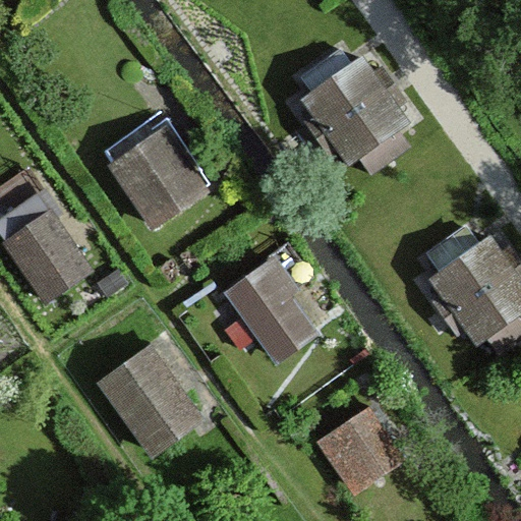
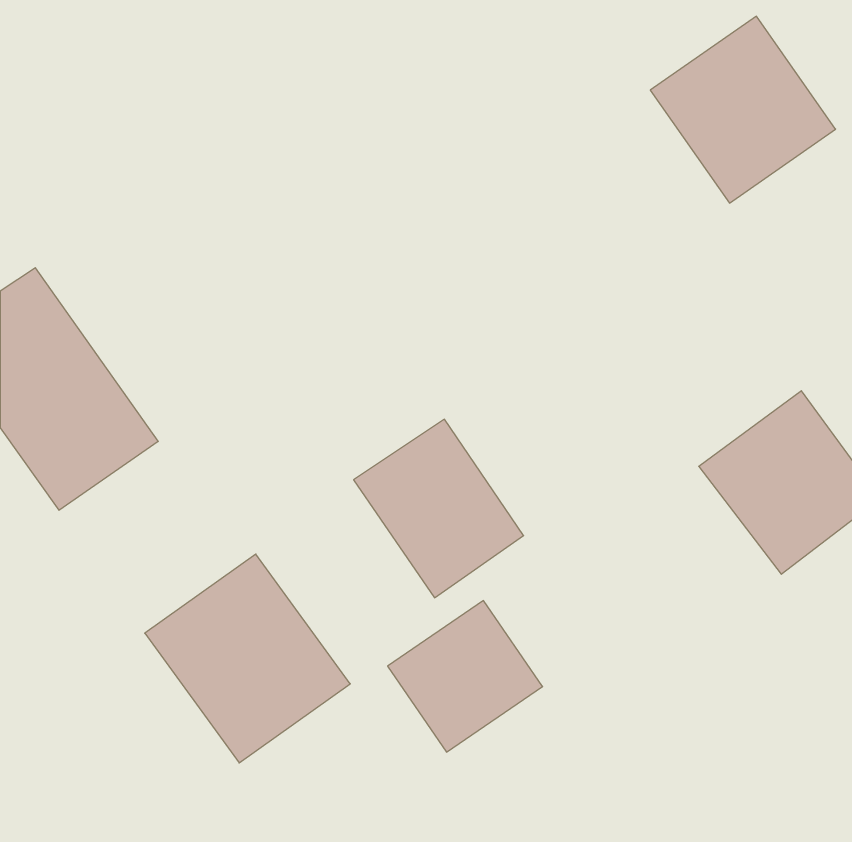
building: [297,51,409,164] -> [650,16,836,203]
building: [109,125,213,233] -> none
building: [312,399,406,490] -> [388,601,543,752]

